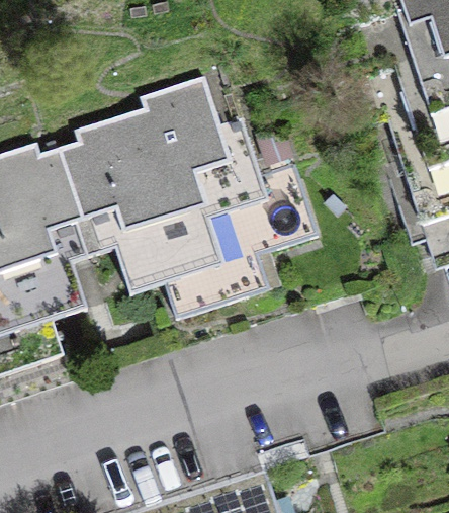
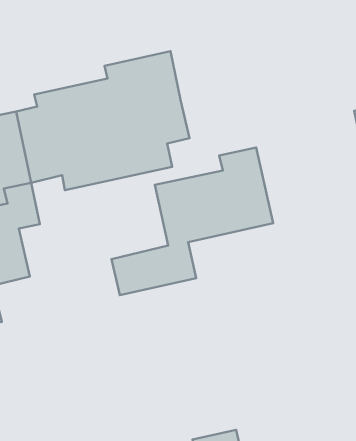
building: [79,115,264,294] -> none

